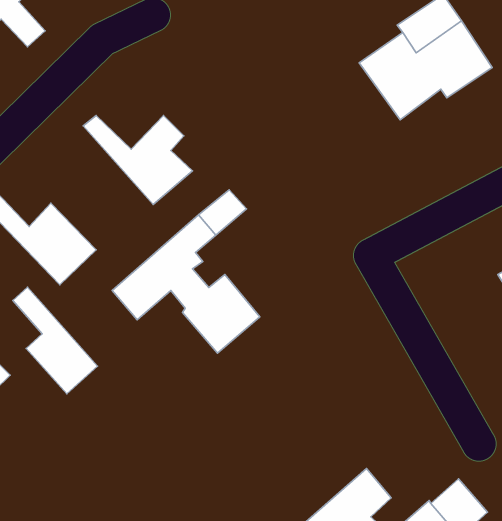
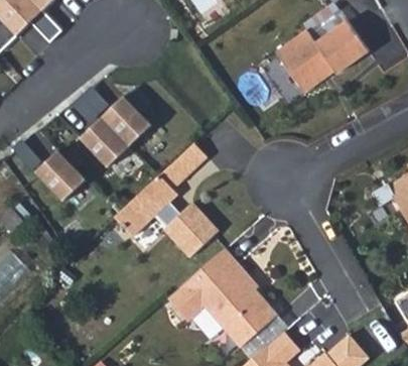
building: [13,287,98,394] -> [77,93,135,166]
building: none -> [179,247,277,348]

